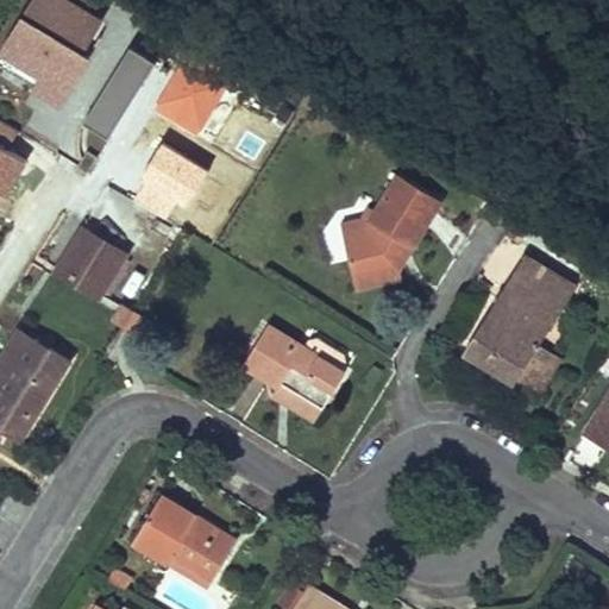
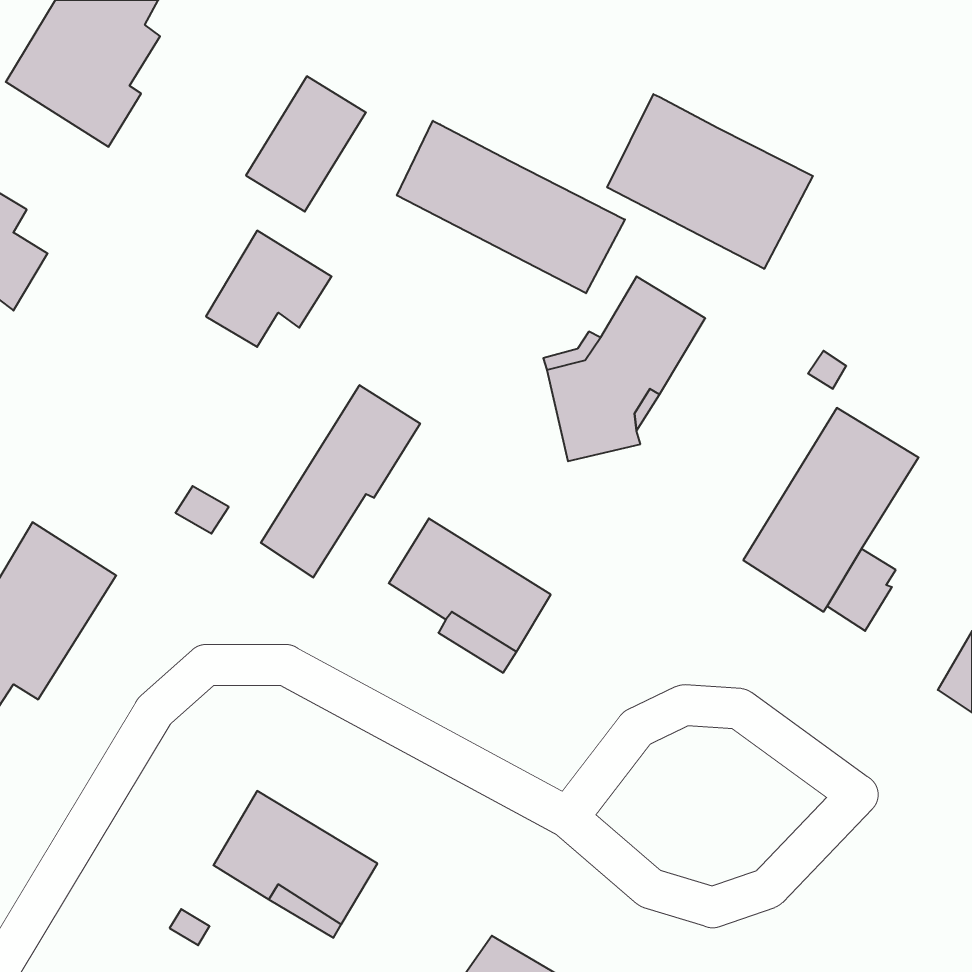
building: [86,52,153,136] -> none
building: none -> [607,94,813,269]
building: none -> [397,121,625,293]
building: [58,231,124,295] -> none
building: none -> [261,385,420,578]

